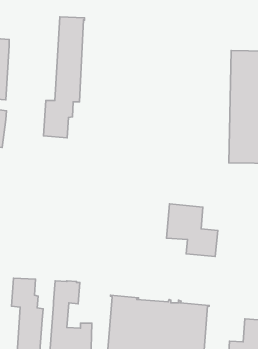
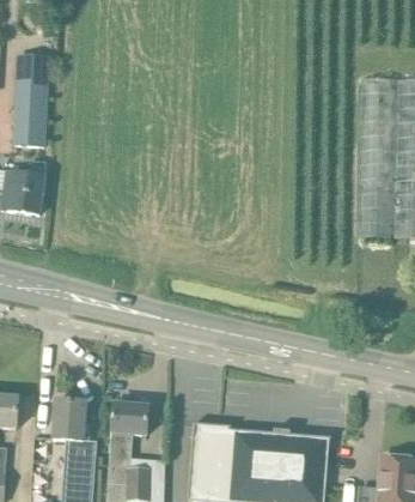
building: [44,17,85,138] -> none
building: [167,204,218,256] -> none

